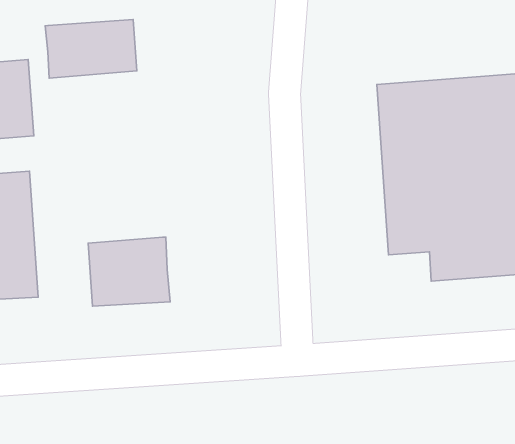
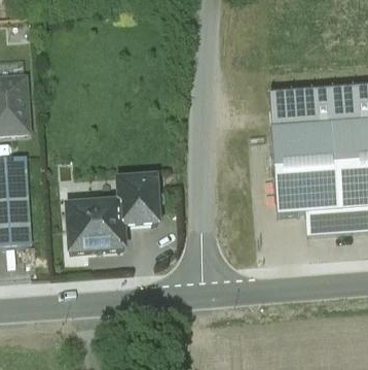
building: [45,19,137,78] -> none
building: none -> [118,175,158,223]

